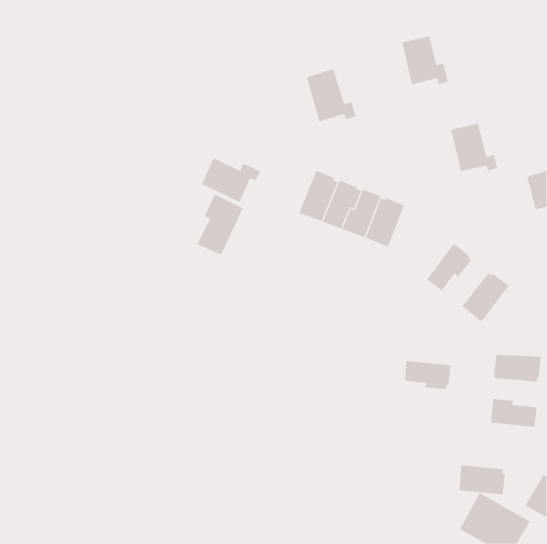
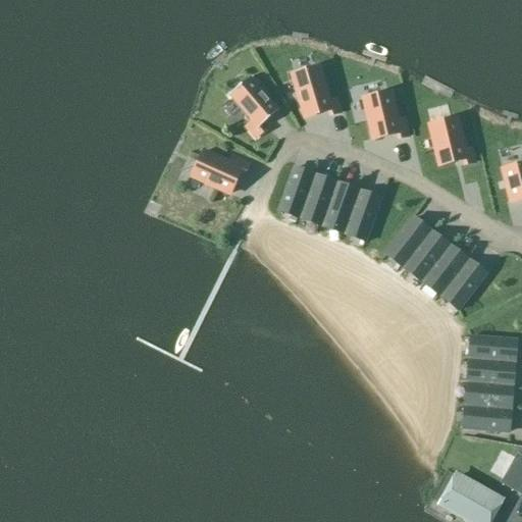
building: [401,36,448,85] -> [363,91,408,138]
building: none -> [228,75,278,137]
building: [197,194,244,256] -> none
building: none -> [386,217,430,266]
building: none -> [421,246,466,292]
building: [404,361,451,389] -> [469,360,514,387]
building: [458,465,506,495] -> [465,403,510,431]

